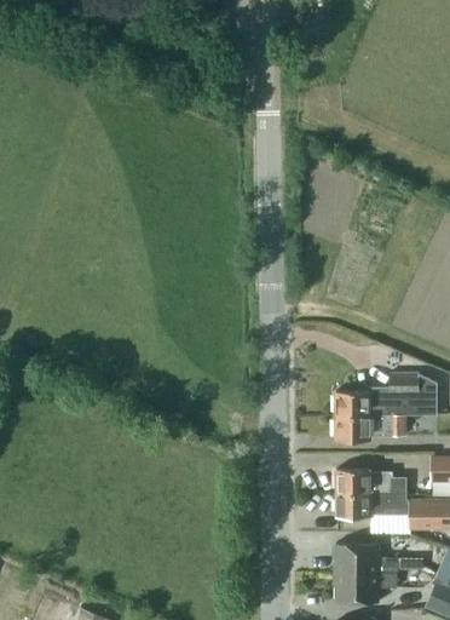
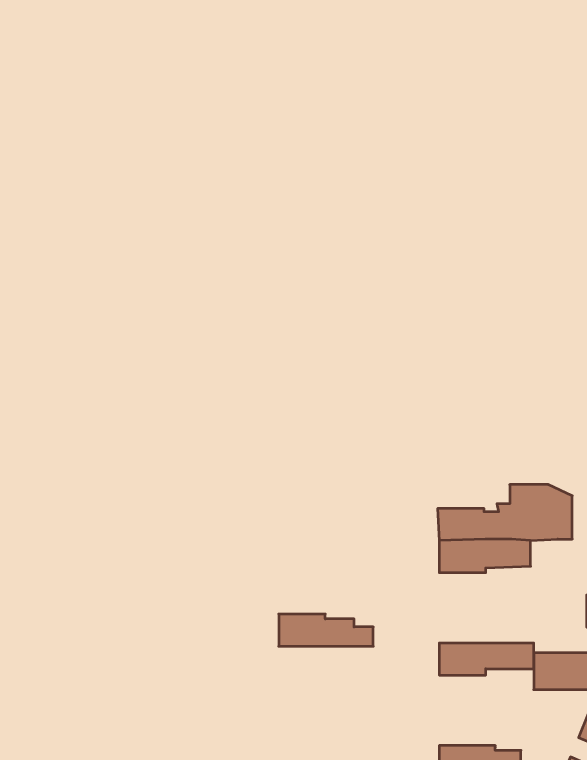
building: [335,471,406,495] -> [279,614,373,646]
building: [335,544,397,574] -> none

